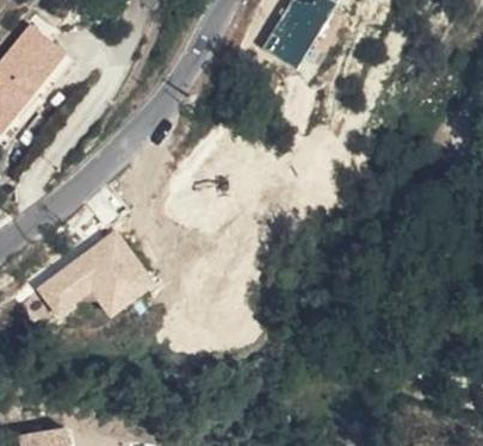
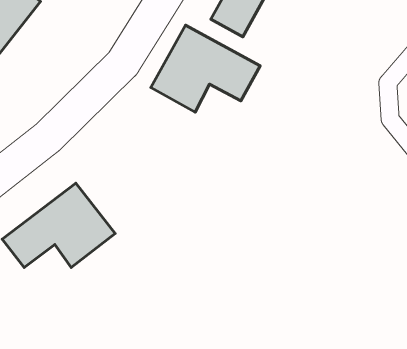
building: none -> [151,25,260,112]

